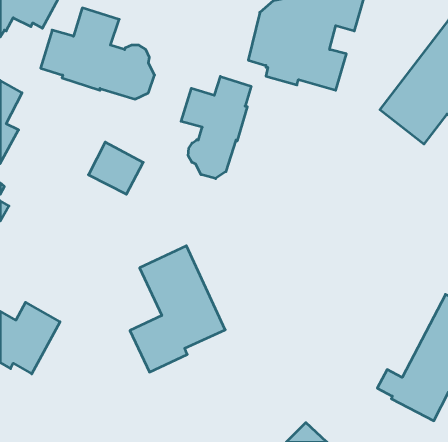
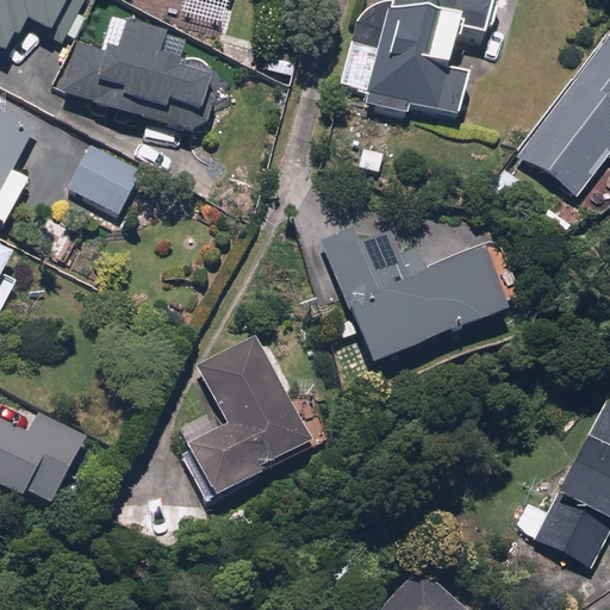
building: [181,76,251,179] -> none
building: [88,142,143,194] -> [68,141,142,211]
building: none -> [319,224,517,369]

